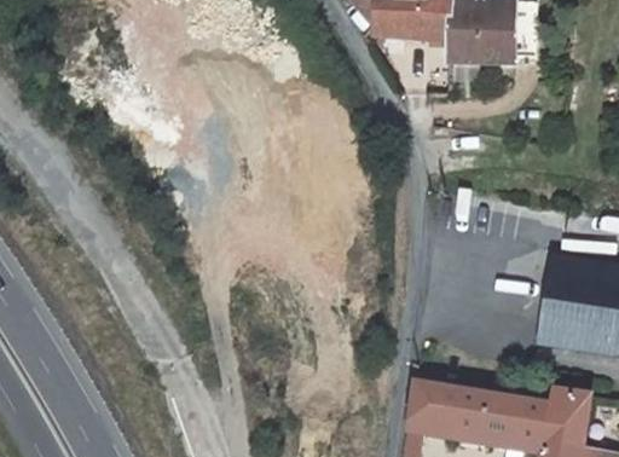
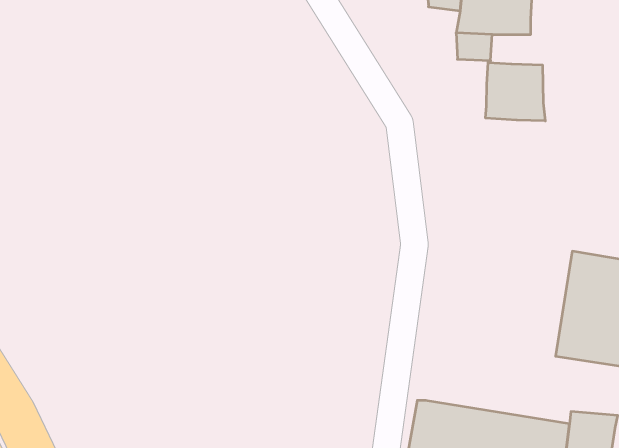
building: none -> [486,62,545,121]

